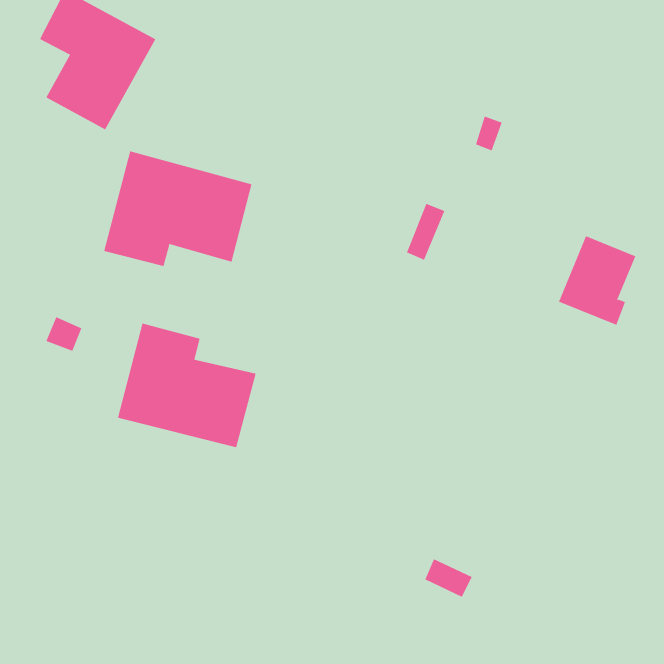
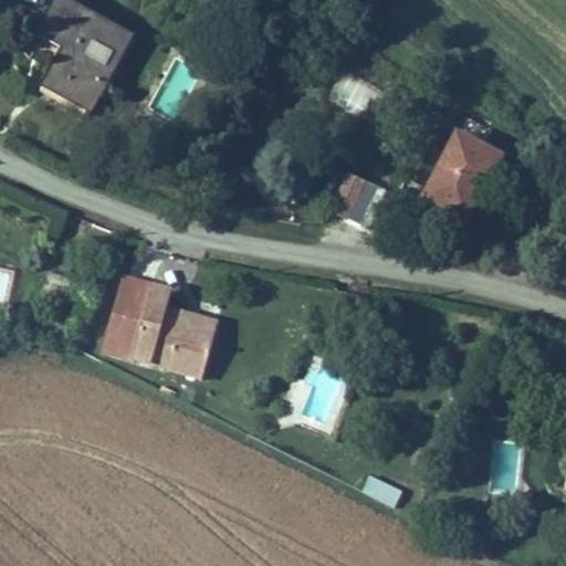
building: [103,151,252,267] -> none
building: [558,235,636,325] -> [438,127,504,203]

